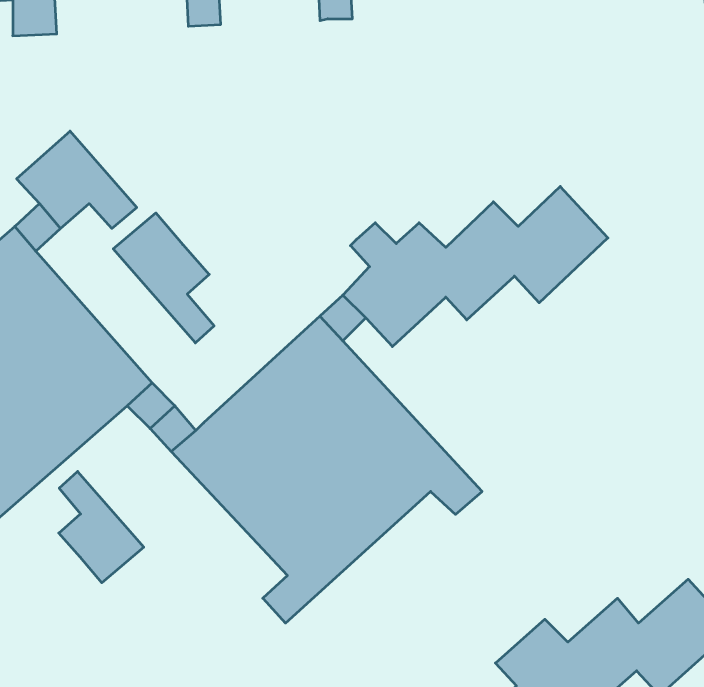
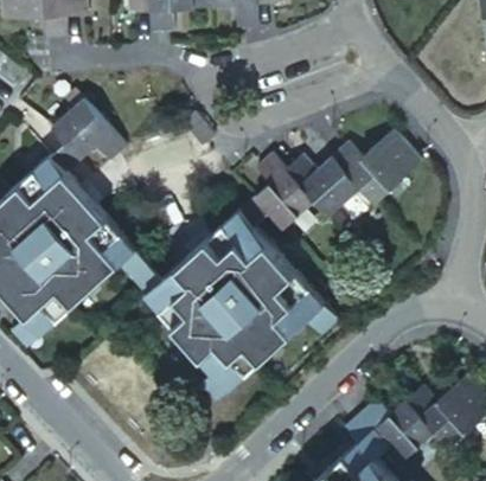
building: [113,213,214,343] -> none
building: [59,471,144,583] -> none

